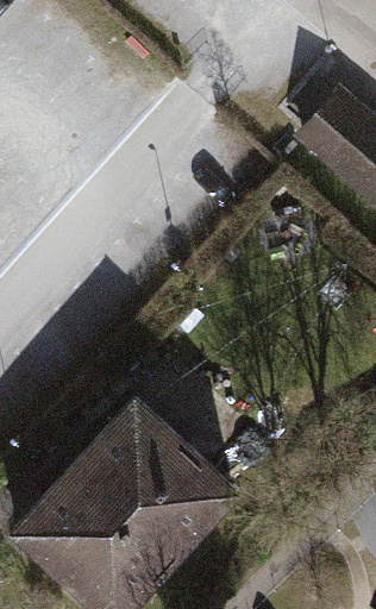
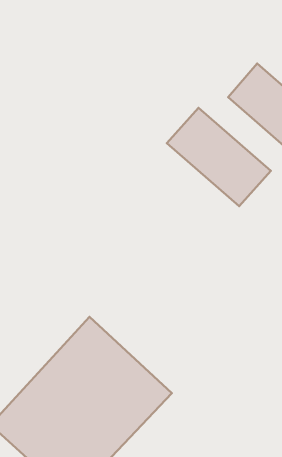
building: none -> [167,108,271,206]

